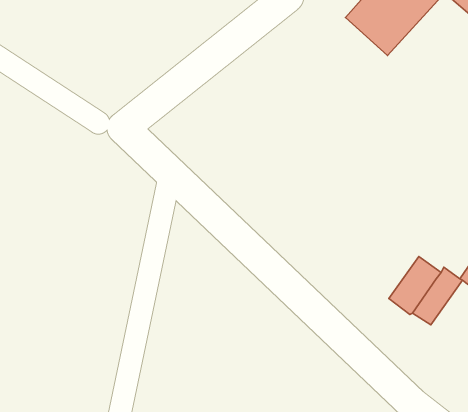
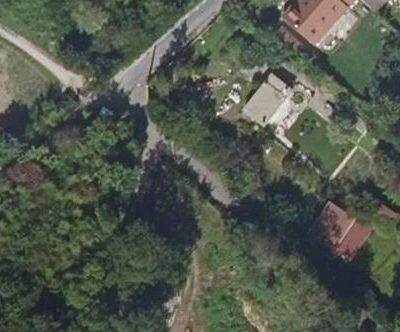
building: none -> [235,80,288,133]

